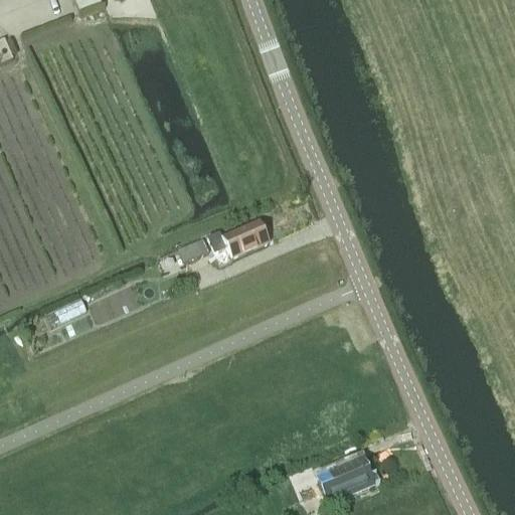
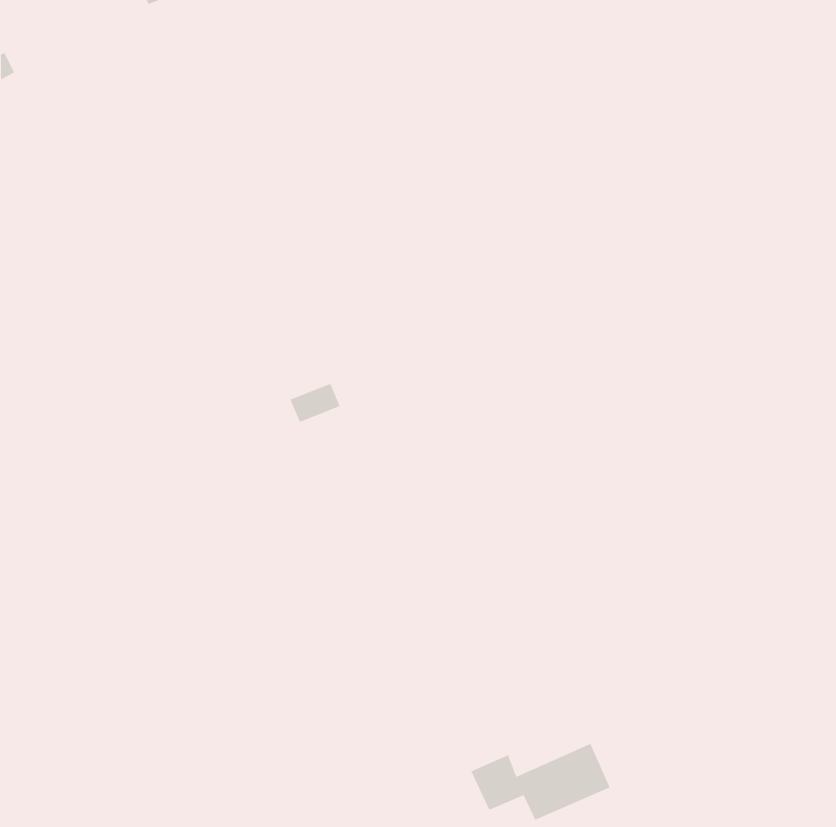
building: [210,218,271,256] -> none

